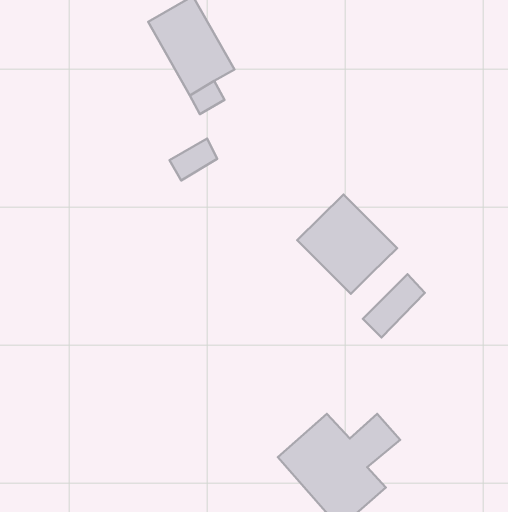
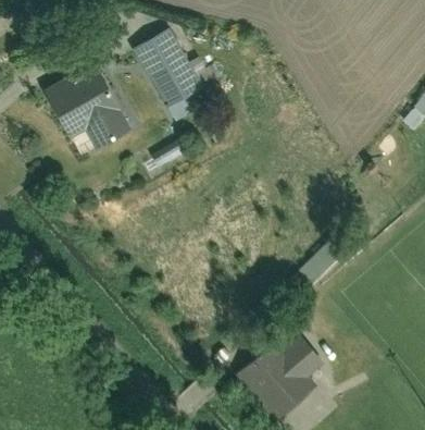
building: none -> [47,66,134,147]
building: [297,194,397,294] -> none

